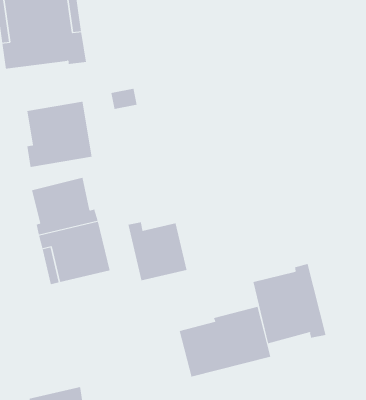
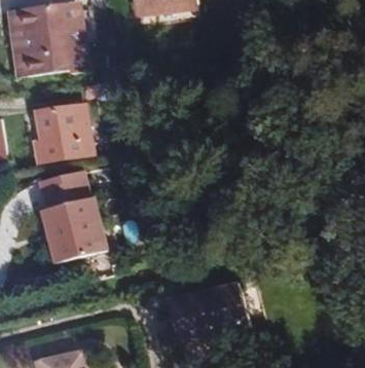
building: [128,221,187,281] -> none
building: [253,263,326,344] -> none

